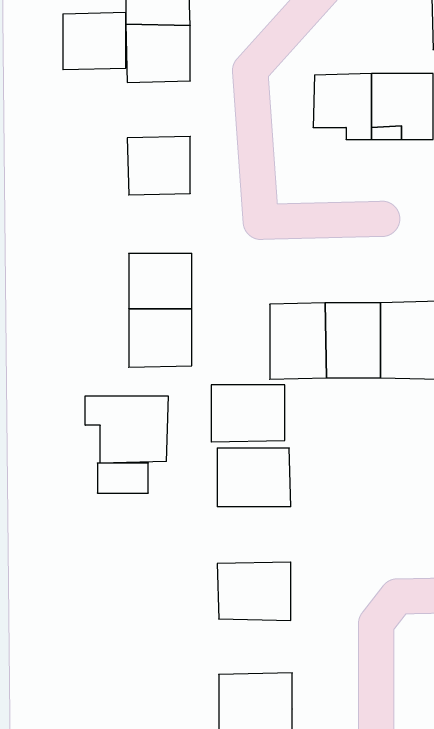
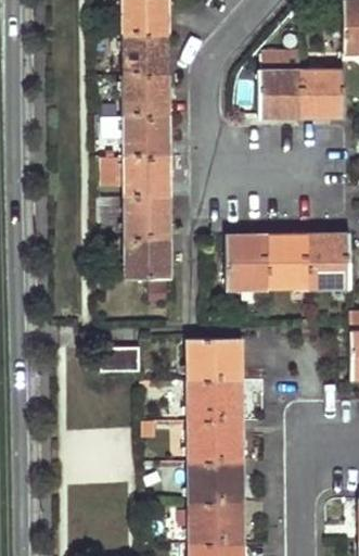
building: [63,13,126,70] -> [123,74,168,115]
building: none -> [103,155,169,199]
building: [211,385,285,442] -> [188,382,241,424]
building: [85,396,168,463] -> none
building: none -> [189,464,242,504]

